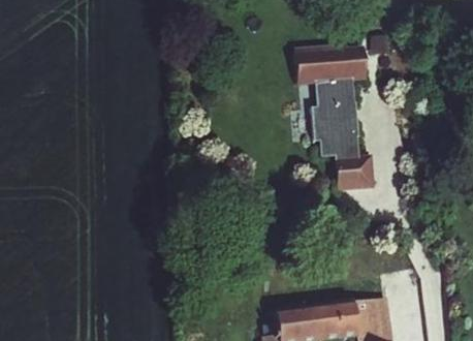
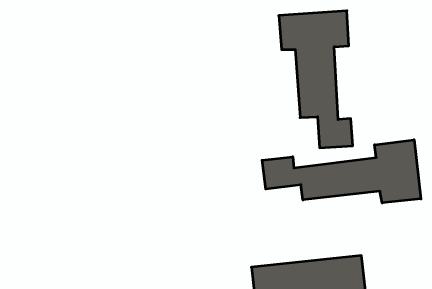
building: none -> [262,140,421,203]

